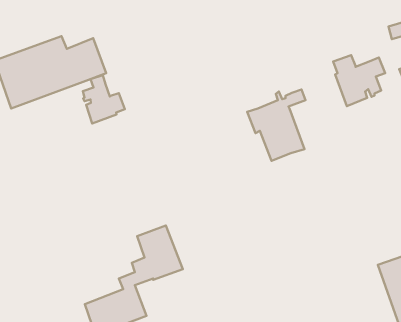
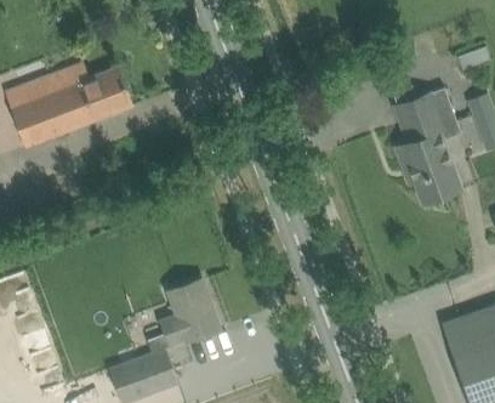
building: [83,75,125,124] -> none
building: [247,89,306,161] -> [393,121,460,203]

